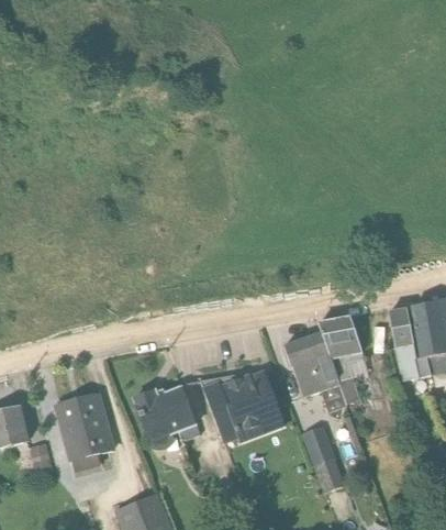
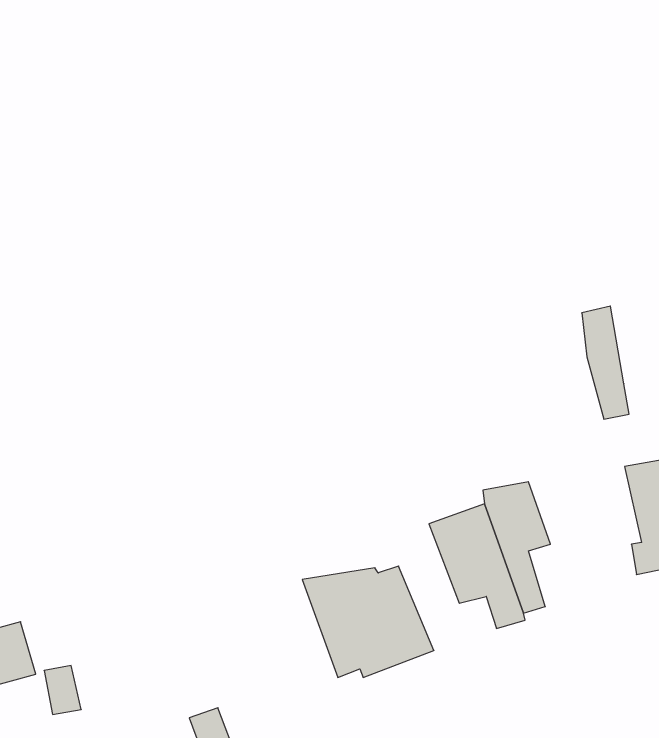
building: [388,307,419,380] -> [582,306,629,419]
building: [134,386,200,442] -> none
building: [56,393,113,462] -> none
building: [303,422,341,473] -> none

